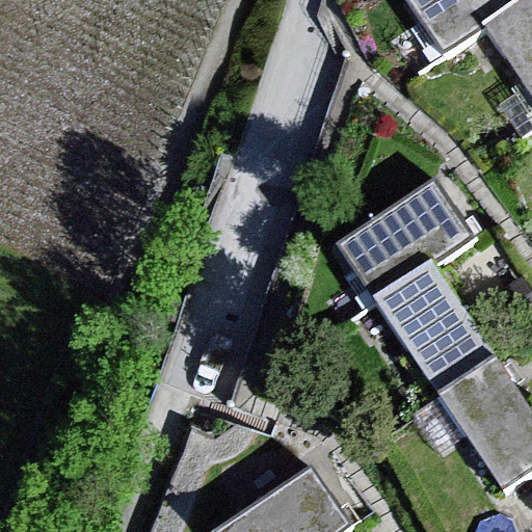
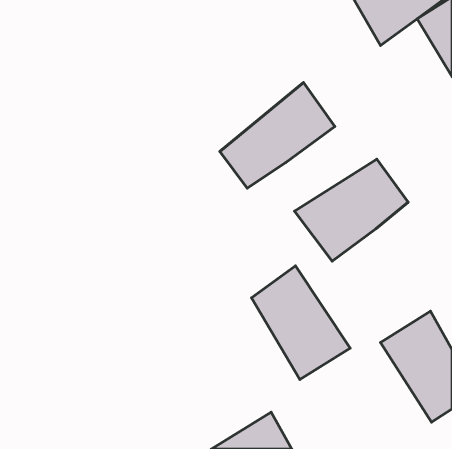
building: none -> [220,83,335,188]
building: [385,266,500,398] -> [252,266,350,379]

